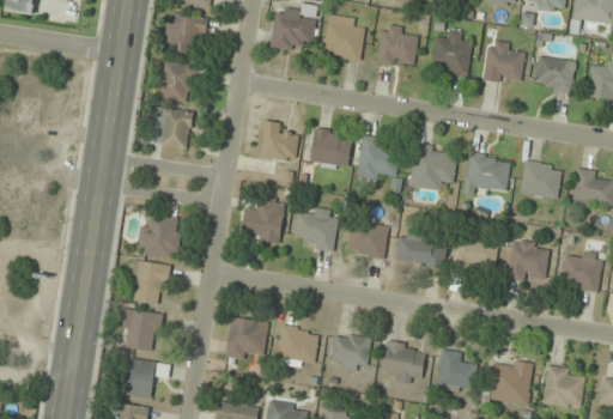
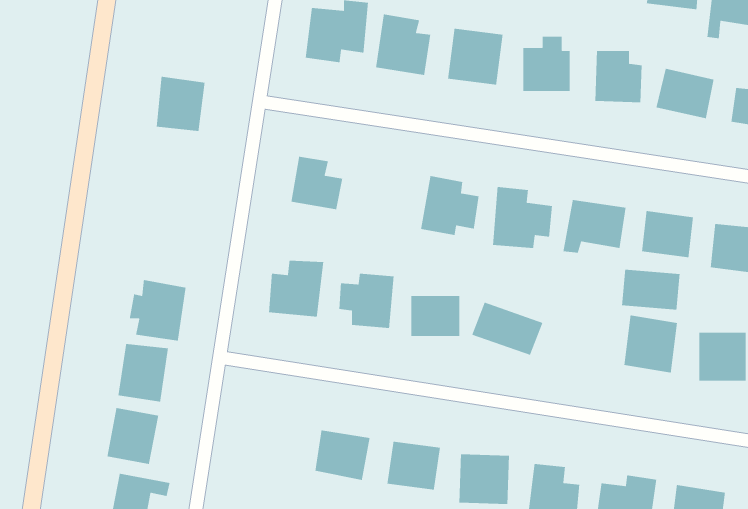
building: [164,13,205,55] -> none
building: [151,107,193,150] -> none
building: [310,130,351,169] -> none
building: [453,238,497,269] -> [621,269,680,310]
building: [225,317,267,360] -> none

